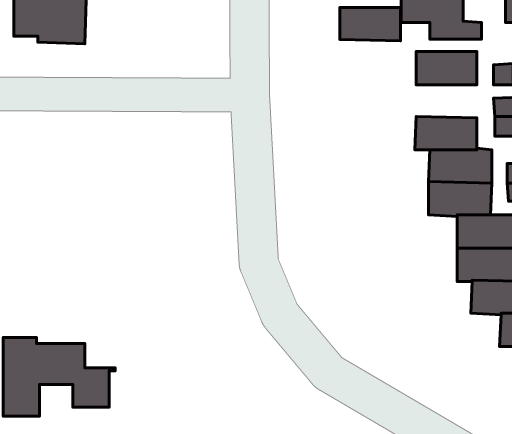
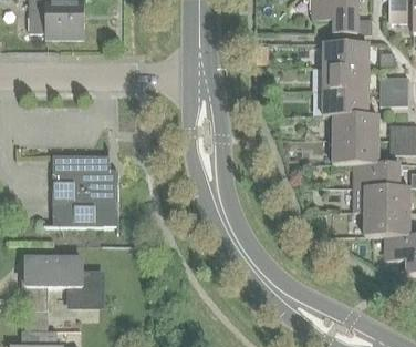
building: [340,8,400,41] -> [323,68,367,92]
building: none -> [43,147,118,233]

